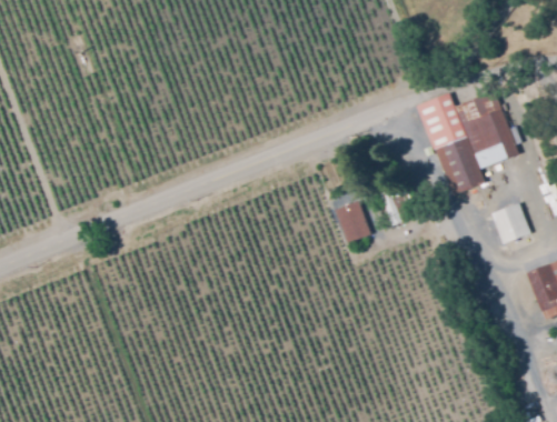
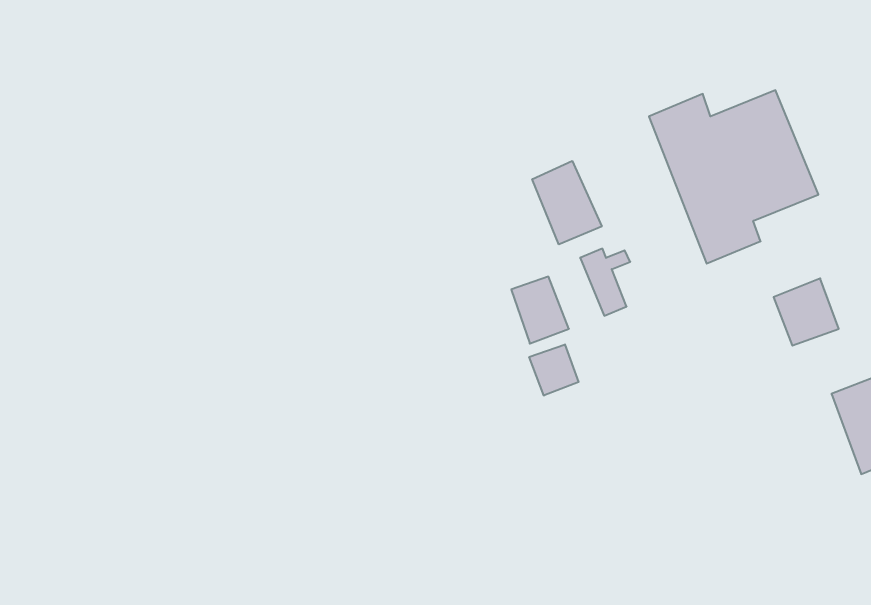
building: none -> [532,161,602,244]
building: none -> [529,344,579,396]

